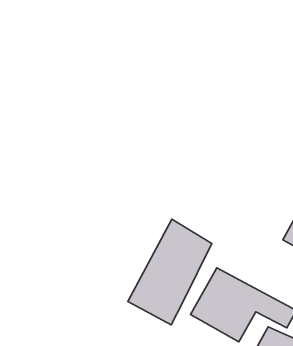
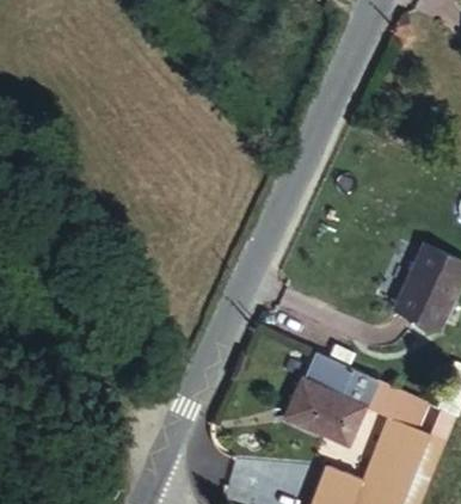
building: [128,219,212,325] -> none

